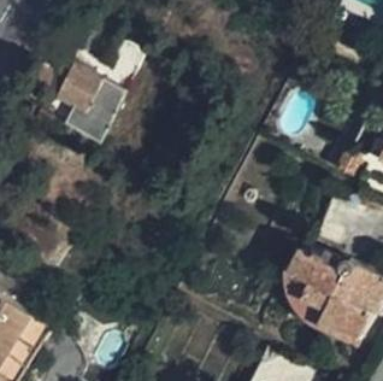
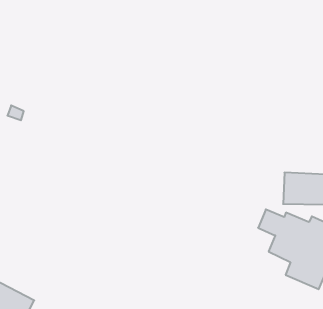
building: [58,66,123,139] -> none

